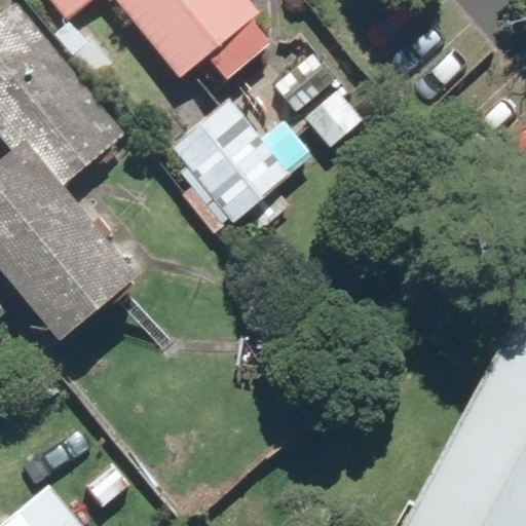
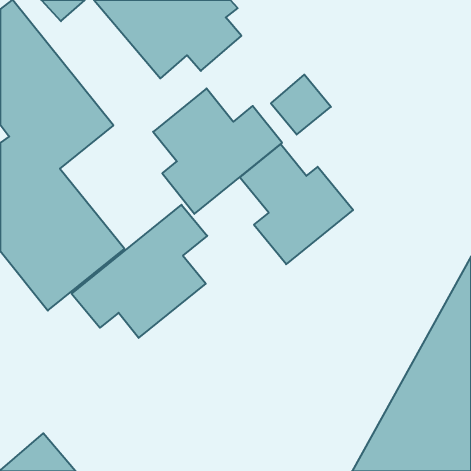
building: none -> [240,144,353,264]
building: none -> [72,205,207,338]

